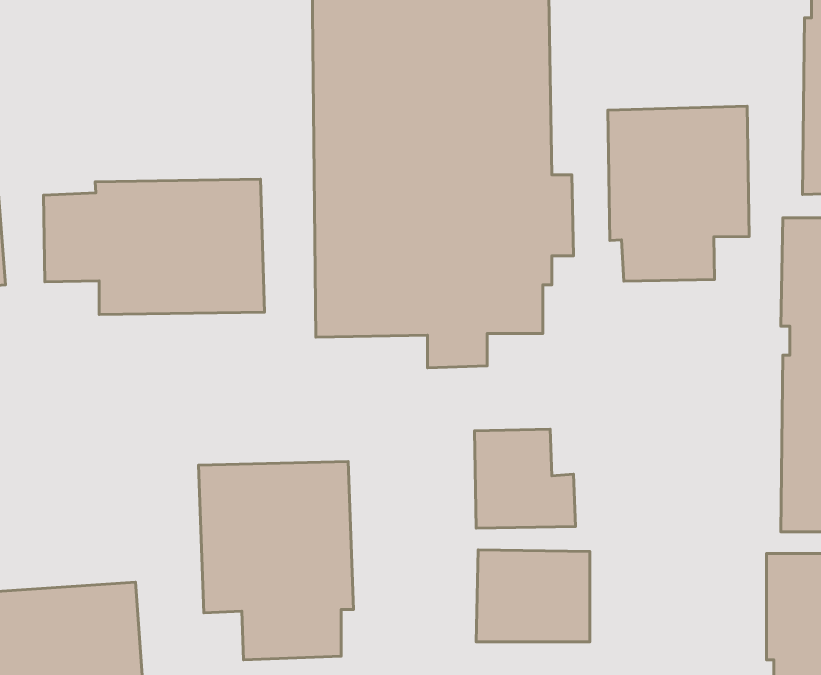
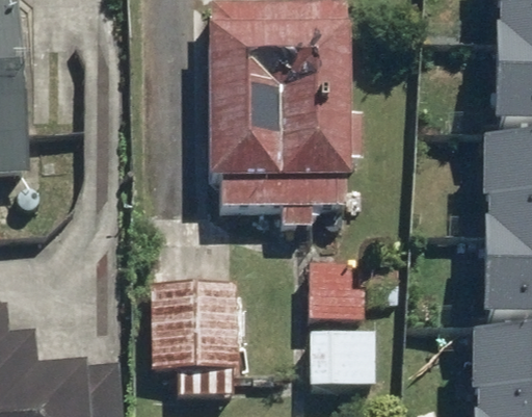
building: [608,106,749,281] -> none
building: [43,179,265,315] -> none

